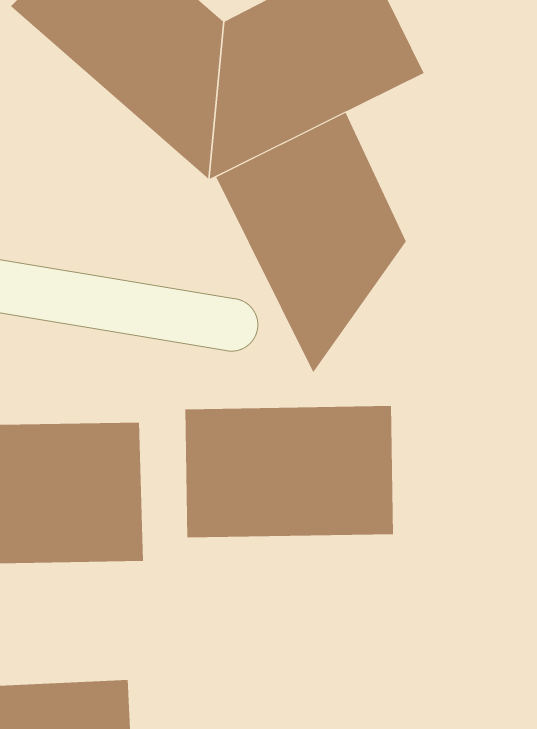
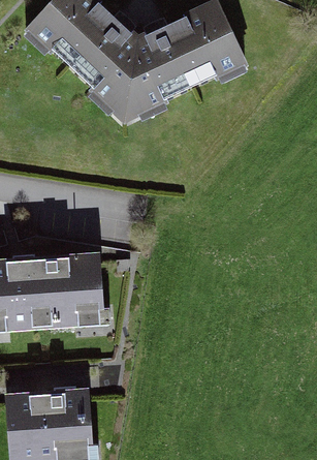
building: [216,112,407,373] -> none
building: [185,405,393,538] -> none

